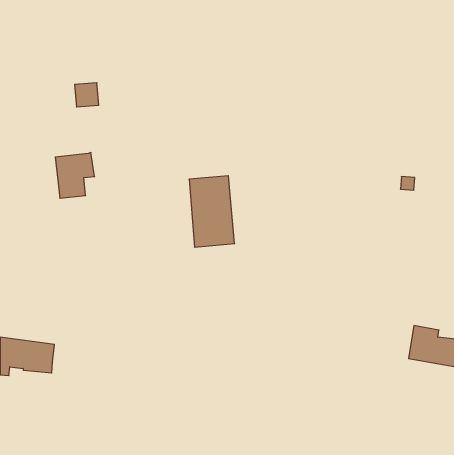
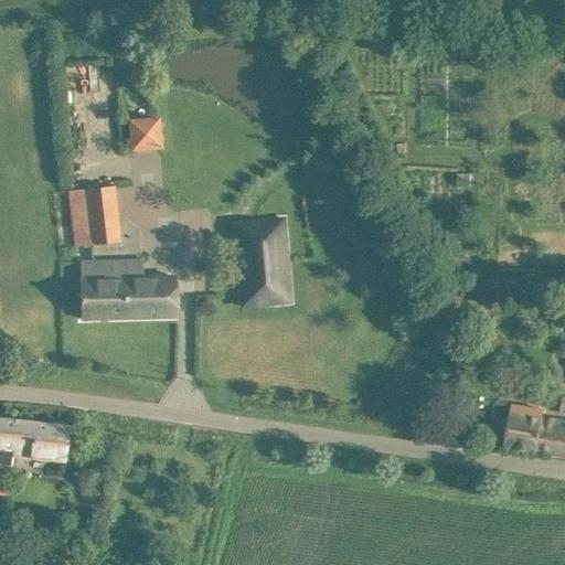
building: [75,83,99,107] -> [131,118,161,148]
building: none -> [82,259,178,318]

